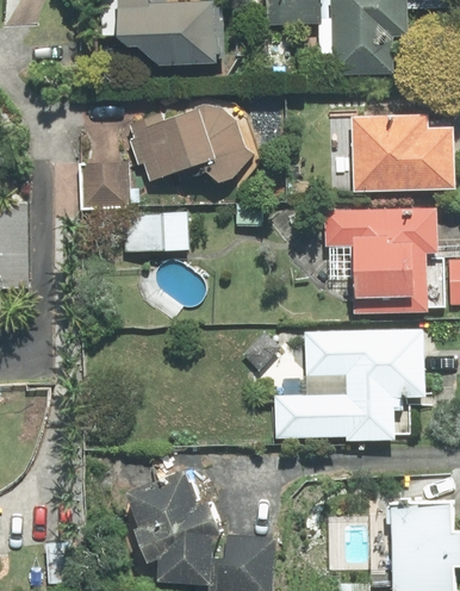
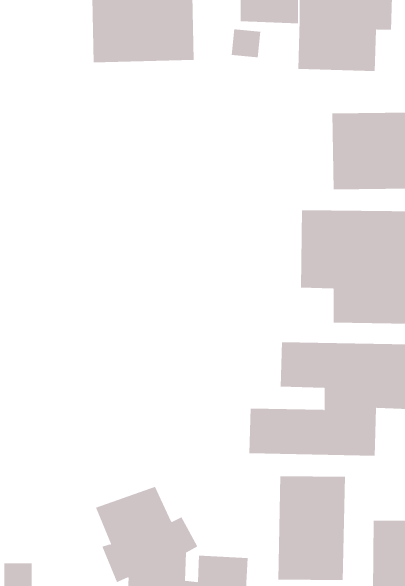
building: [125,105,255,185] -> none
building: [80,162,129,205] -> none
building: [133,211,187,253] -> none
building: none -> [278,475,345,581]

